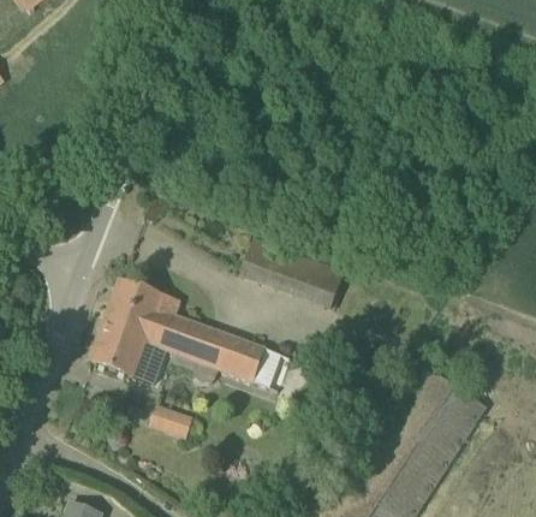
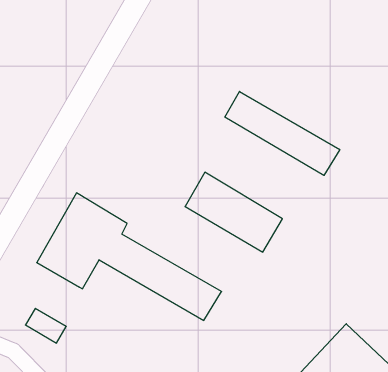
building: none -> [225,91,340,175]
building: [149,405,192,438] -> [25,308,66,343]

